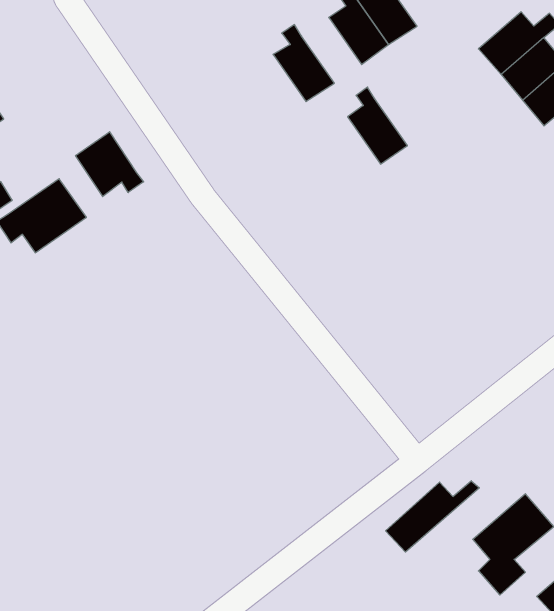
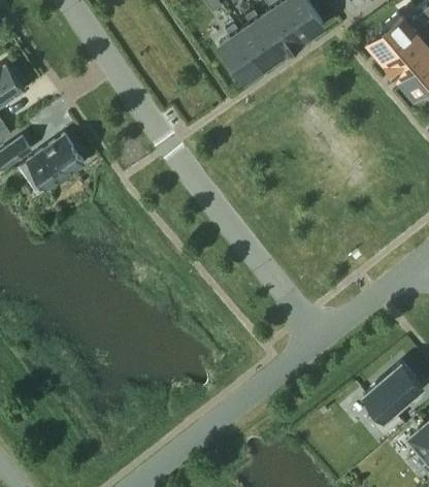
building: [348,87,407,164] -> [240,10,284,66]
building: [76,132,144,197] -> none
building: [386,481,479,552] -> none

